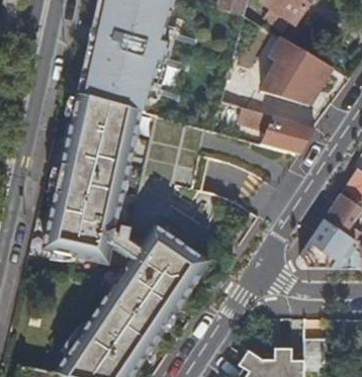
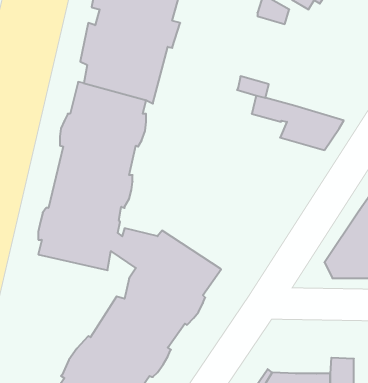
building: [262,36,329,106] -> none

